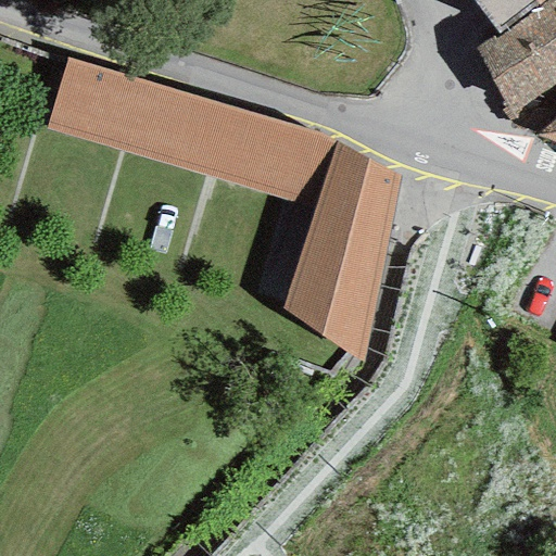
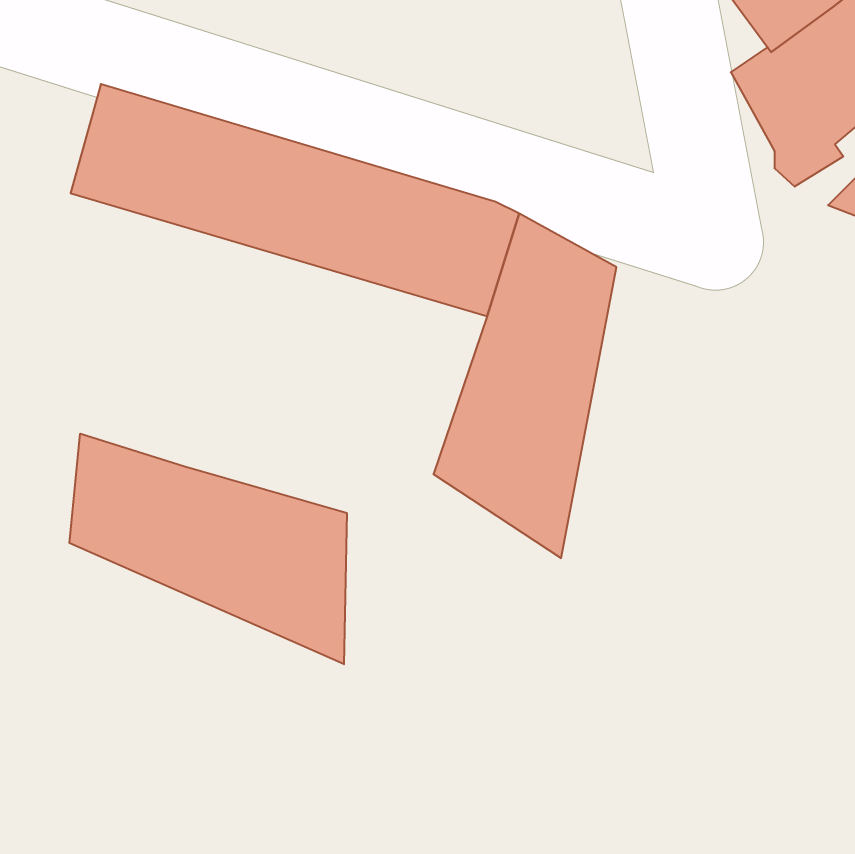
building: none -> [69,434,347,664]

